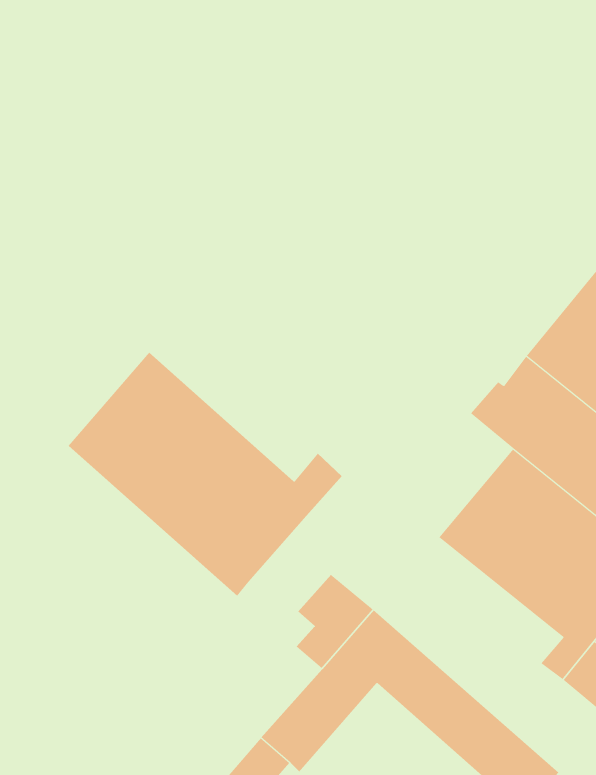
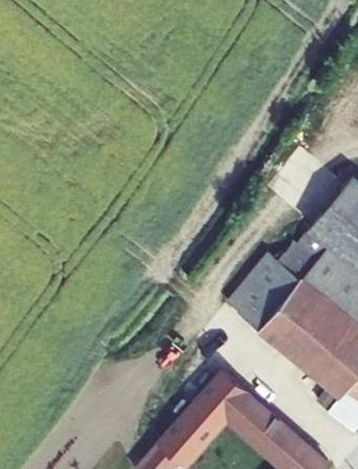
building: [68,352,342,596] -> none
building: none -> [228,256,302,332]

